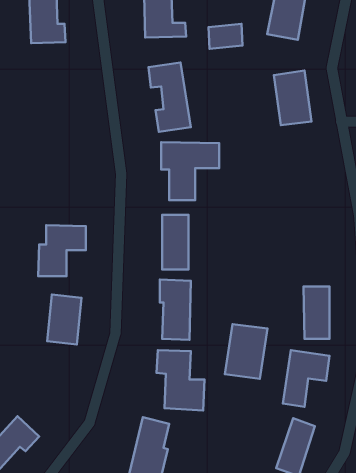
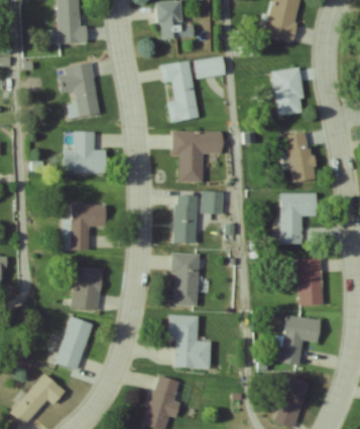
building: [208,24,243,49] -> [196,56,226,79]
building: none -> [58,63,100,119]
building: none -> [75,131,106,173]
building: none -> [285,132,318,182]
building: none -> [203,191,222,212]
building: none -> [280,193,317,245]
building: [225,324,267,379] -> none
building: none -> [54,316,92,372]

